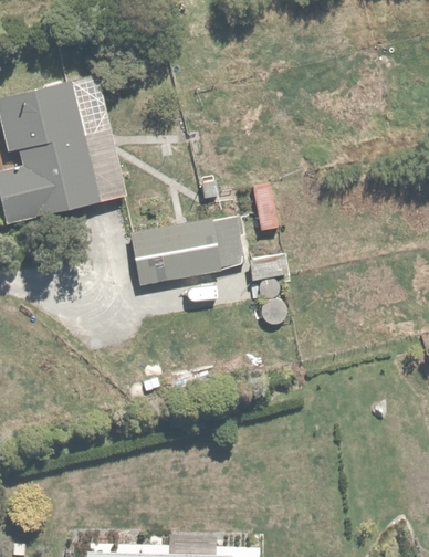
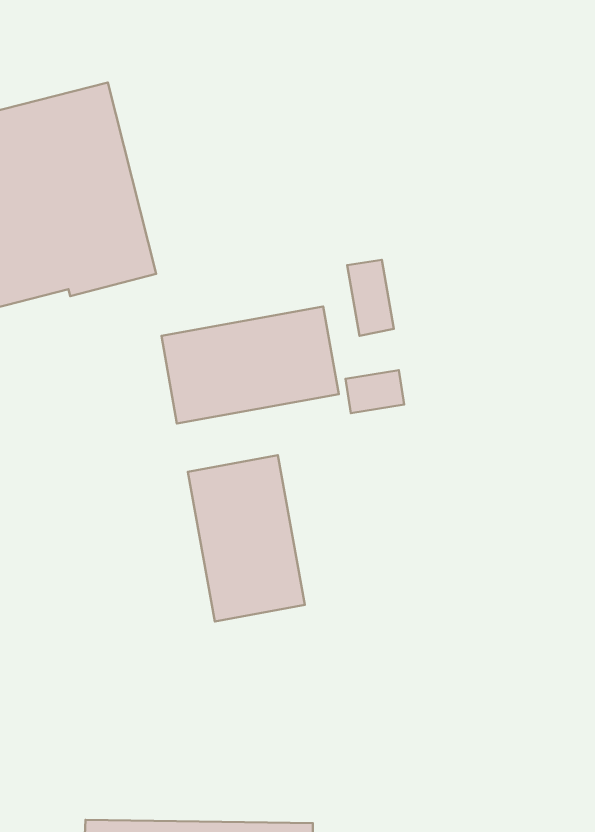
building: none -> [188,455,305,622]

